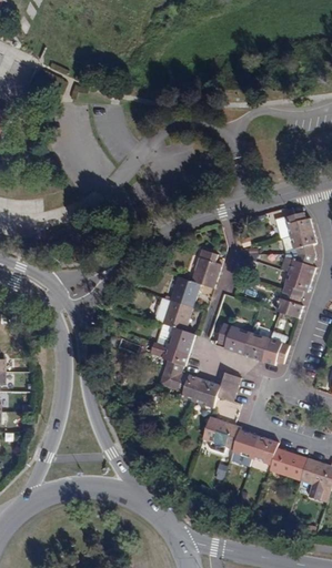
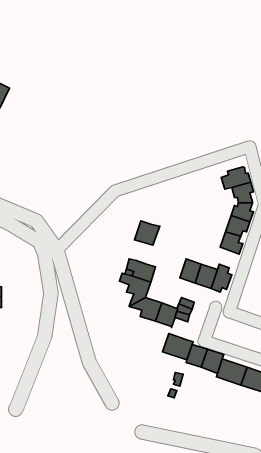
building: [190,258,221,290] -> none
building: [153,298,191,332] -> none

